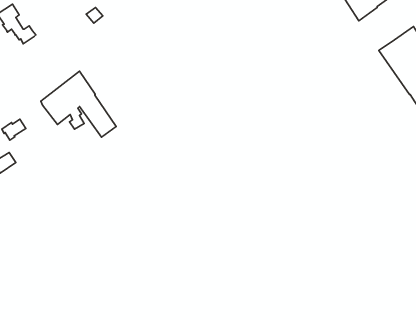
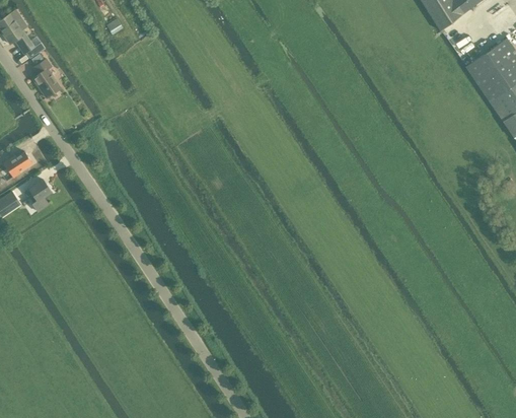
building: none -> [32,60,61,97]
building: [41,71,116,137] -> none
building: none -> [25,180,51,211]

